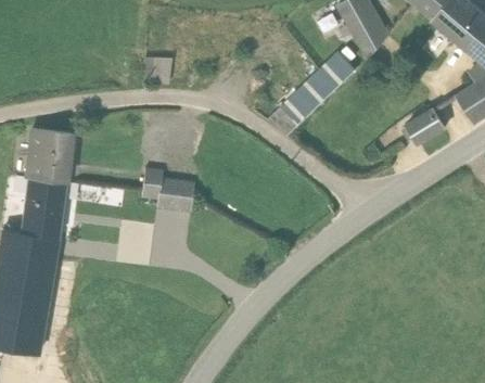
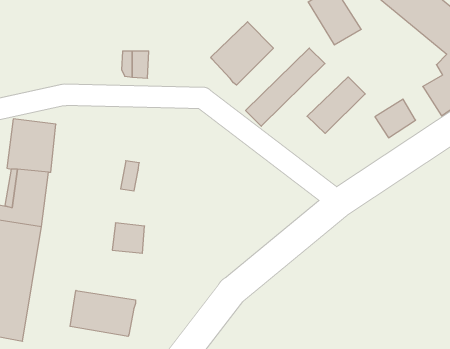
building: none -> [211,22,273,85]
building: none -> [307,77,365,133]
building: [155,180,189,212] -> [112,223,145,253]
building: none -> [70,290,136,336]

